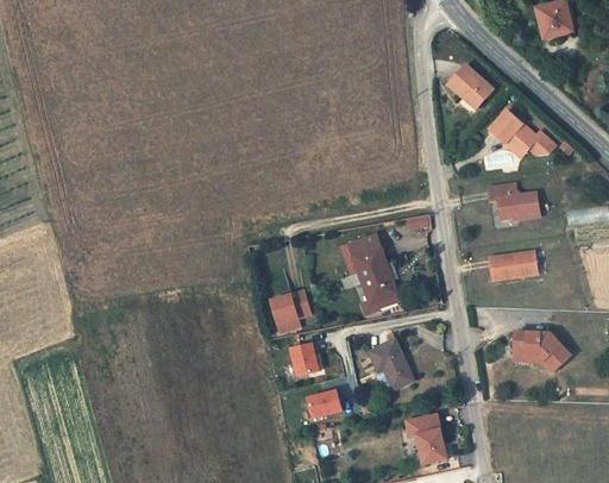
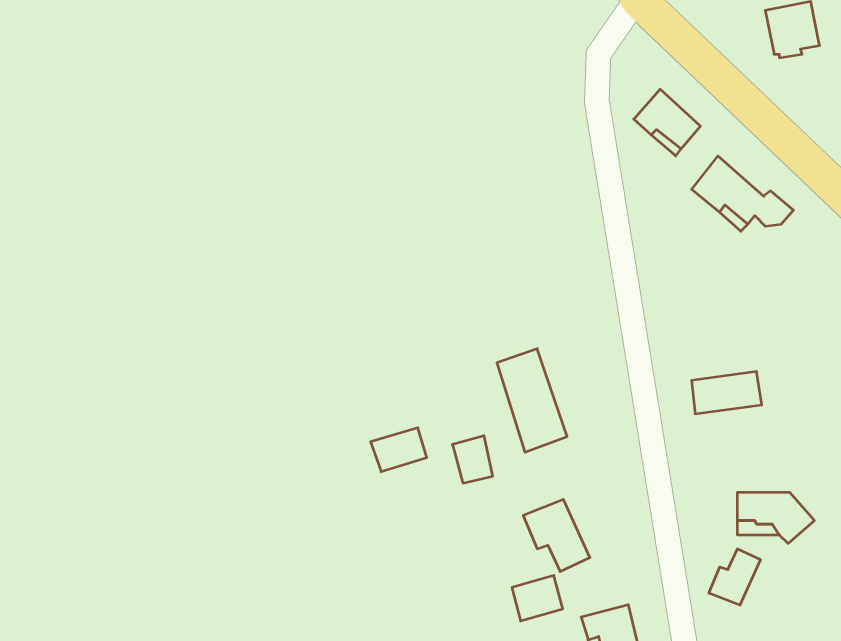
building: [484,187,535,222] -> none
building: [291,344,319,376] -> [452,436,493,483]
building: none -> [709,549,760,605]
building: [309,390,344,421] -> [512,575,563,621]

